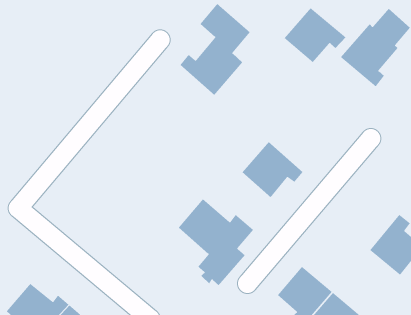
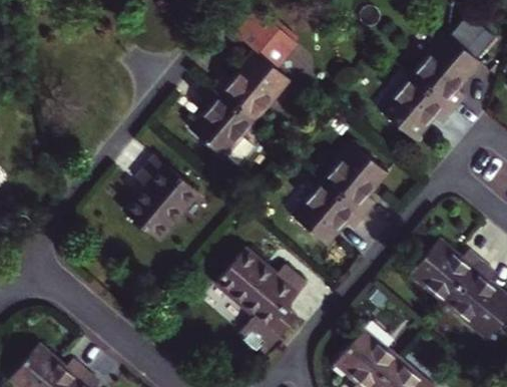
building: [284,7,347,63] -> [378,76,453,143]
building: none -> [194,85,261,158]
building: none -> [325,140,391,214]
building: none -> [129,152,204,239]
building: none -> [408,240,481,307]

